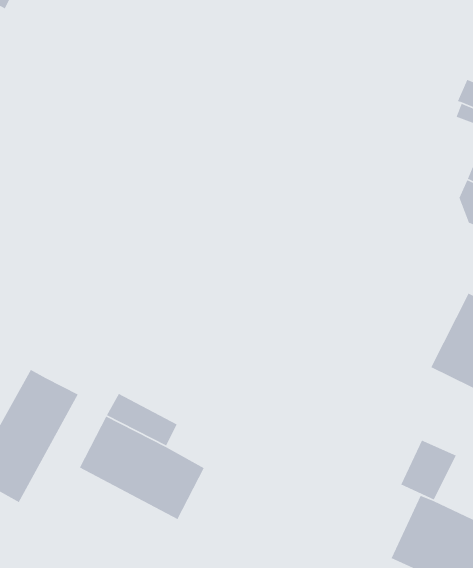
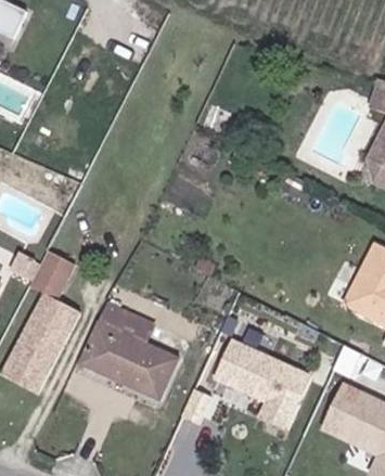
building: none -> [27,248,74,298]
building: none -> [214,343,308,432]

